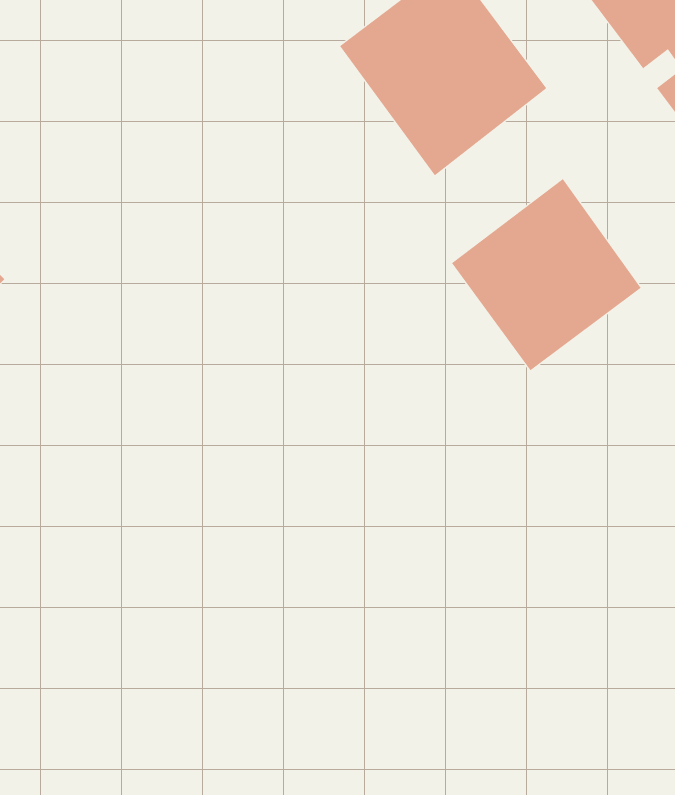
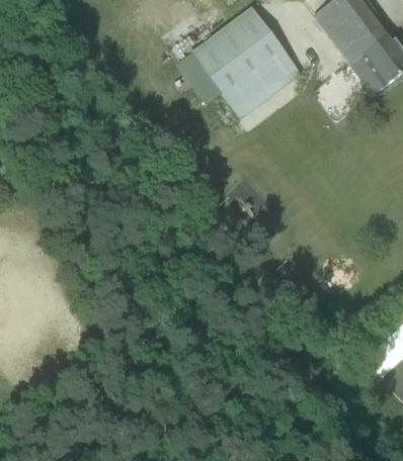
building: [451,178,642,371] -> none

